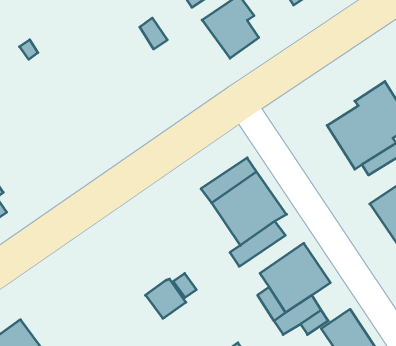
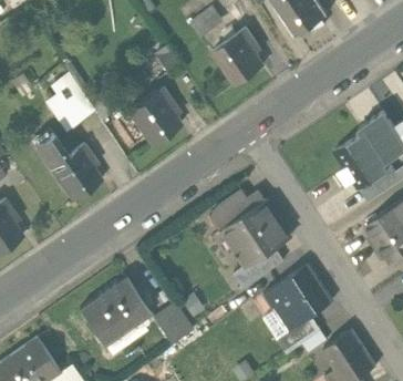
building: none -> [46,86,93,134]
building: none -> [130,87,180,145]
building: none -> [33,132,105,203]
building: none -> [74,270,153,346]

